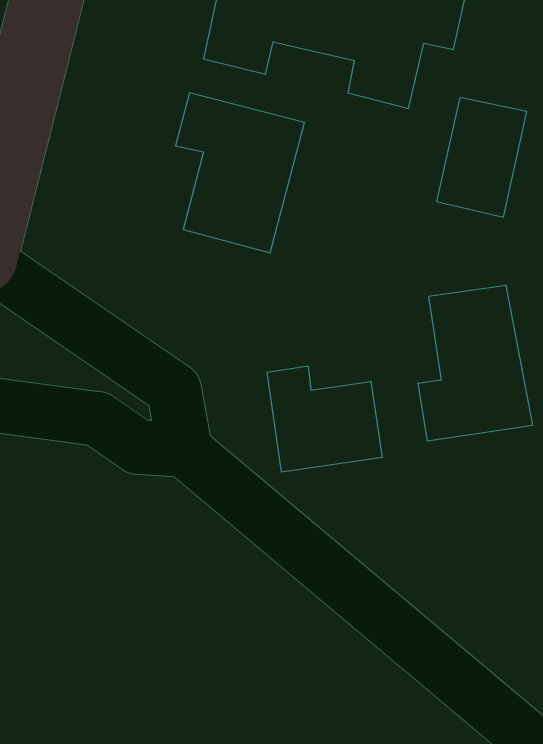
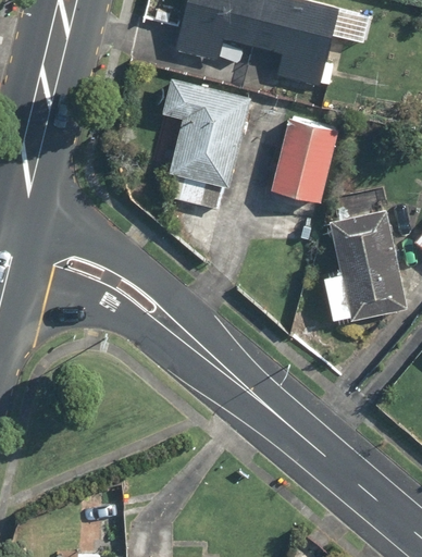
building: [437,98,527,217] -> [269,116,332,200]
building: [267,366,382,472] -> none

